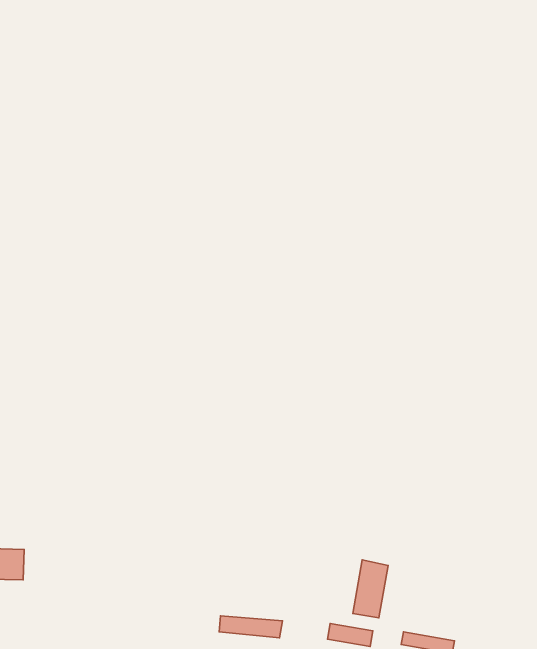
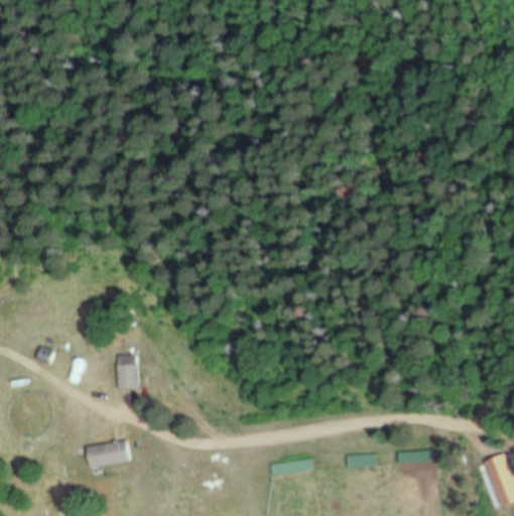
building: none -> [117,355,137,389]
building: [353,560,388,618] -> none

